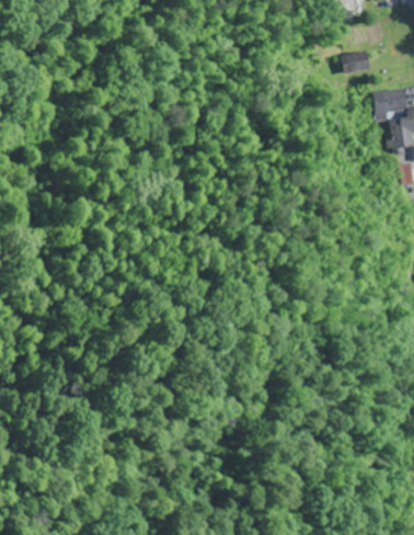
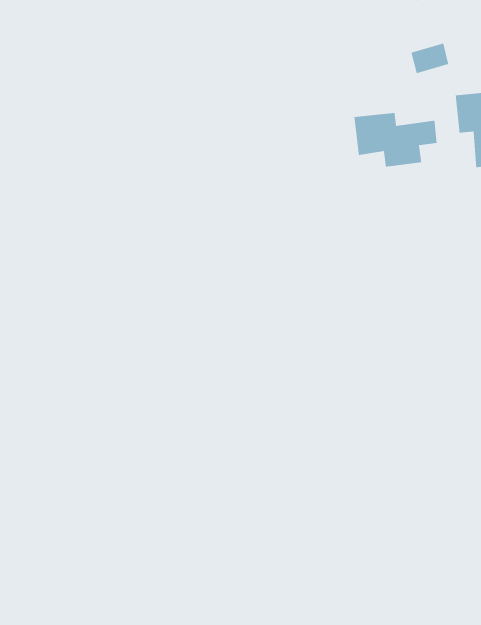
building: none -> [354,112,438,168]

